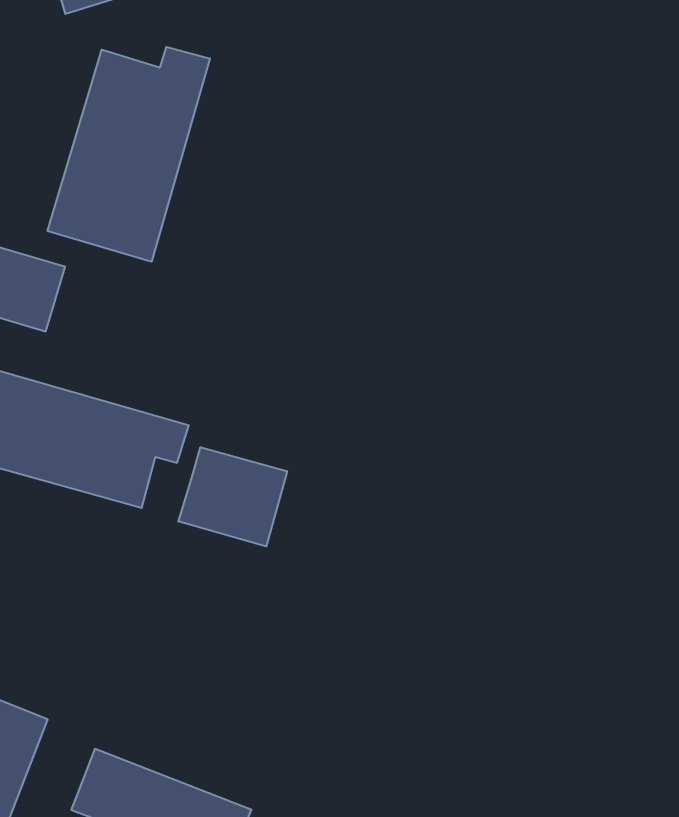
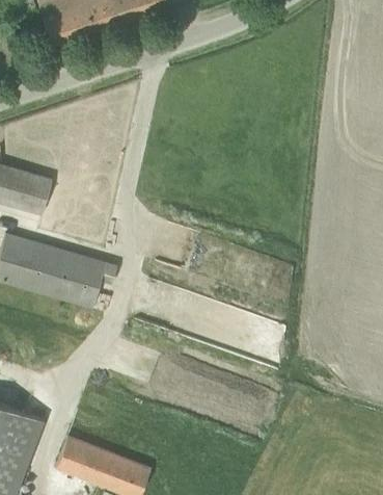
building: [48,47,210,262] -> none
building: [178,447,287,546] -> none

